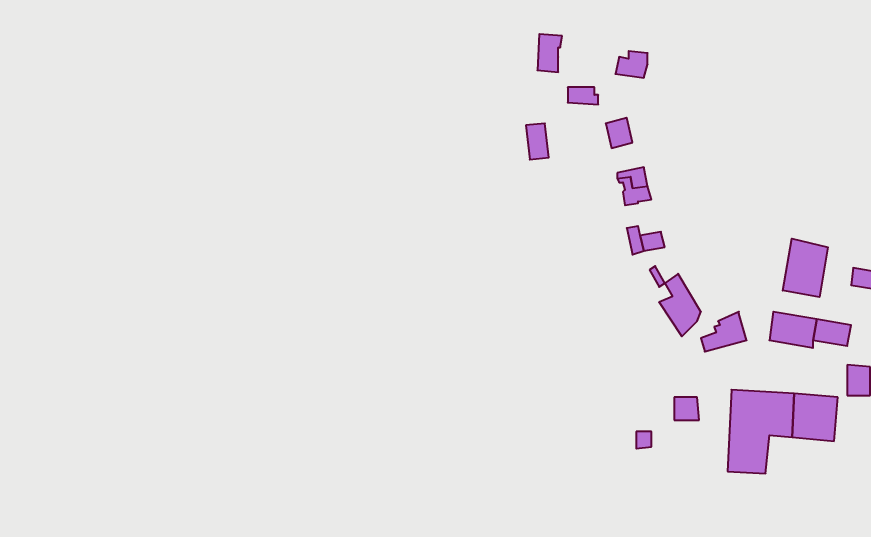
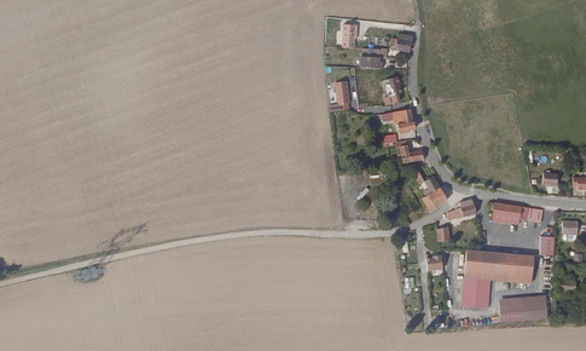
building: [783,239,828,297] -> none
building: none -> [499,295,547,323]

